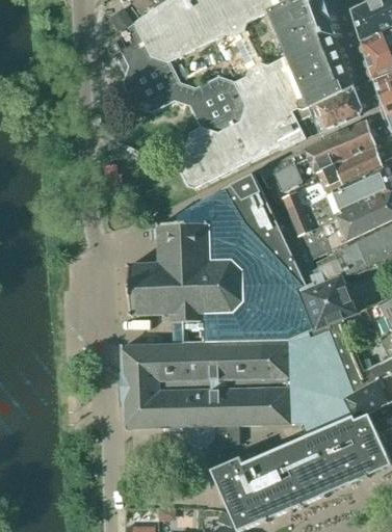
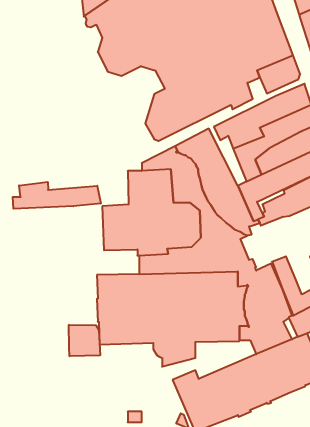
building: none -> [13,182,101,209]
building: [291,275,355,336] -> none
building: none -> [69,325,100,356]

